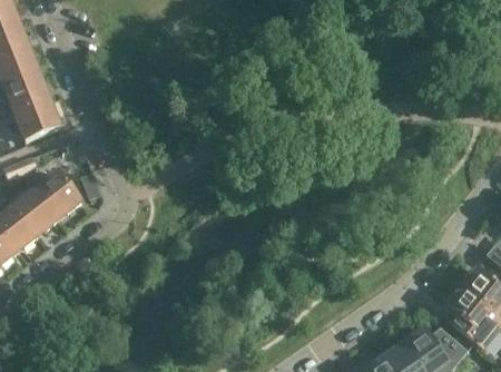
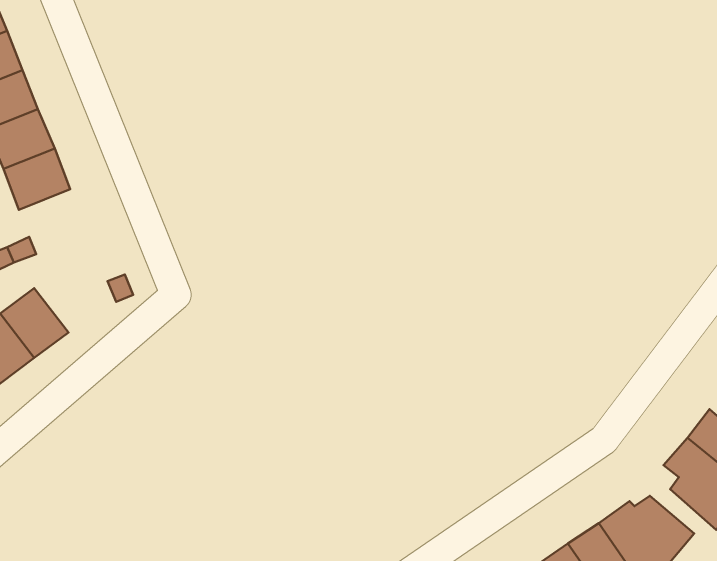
building: [36,172,80,218] -> none

